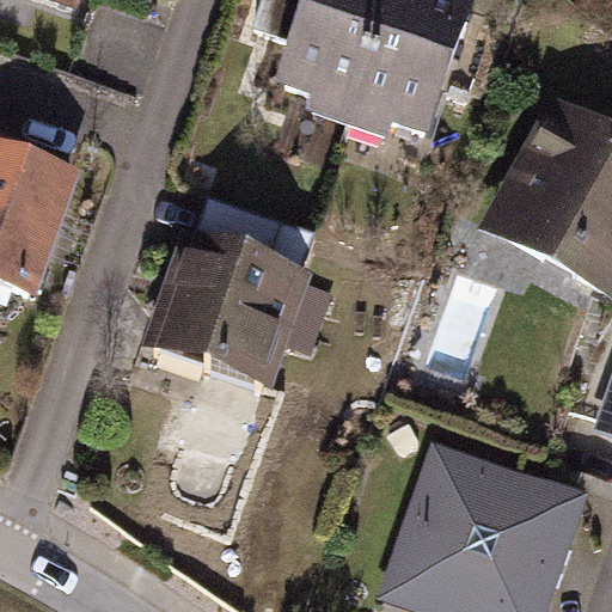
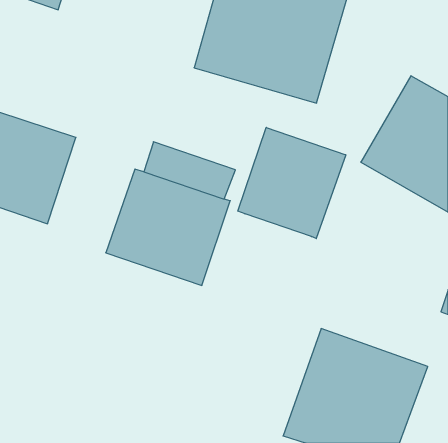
building: none -> [238,127,346,239]

